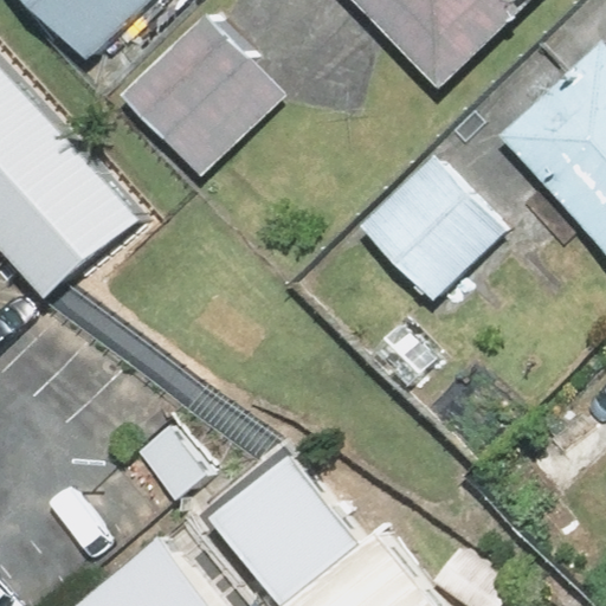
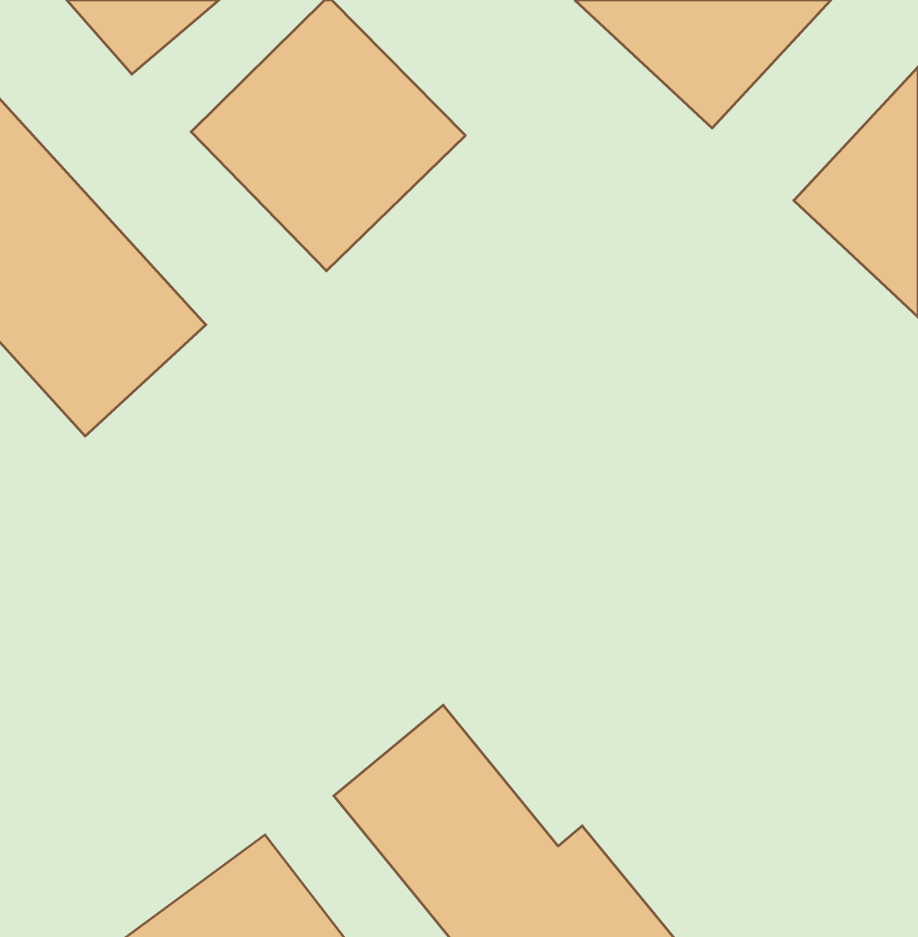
building: [360,147,517,303] -> none

